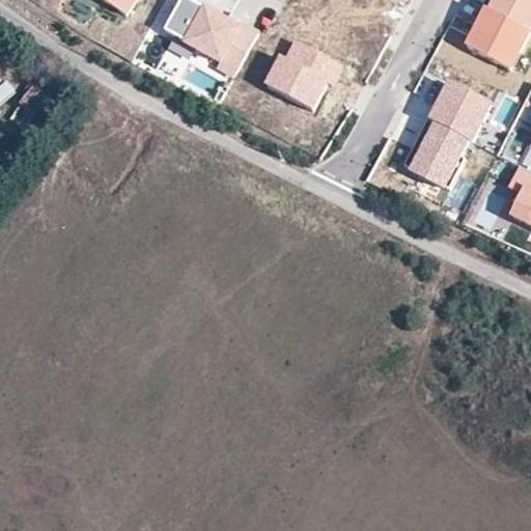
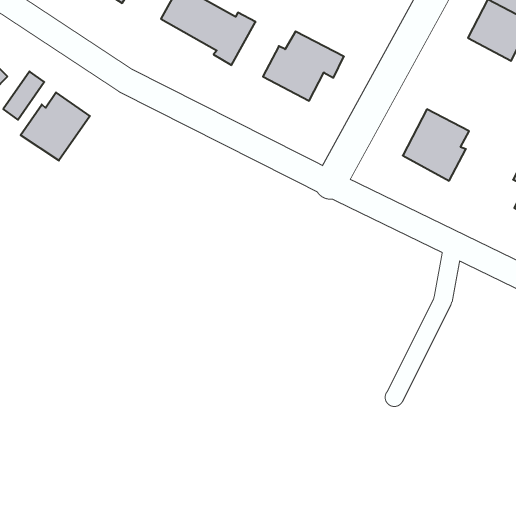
building: [425,82,490,140] -> none
building: none -> [21,92,90,161]

